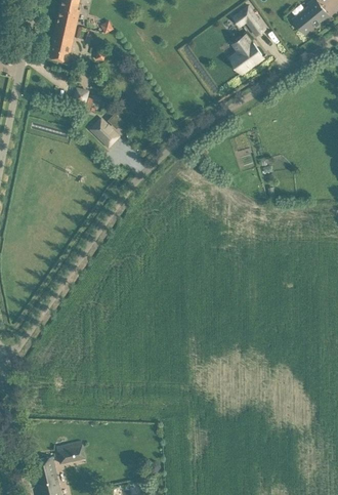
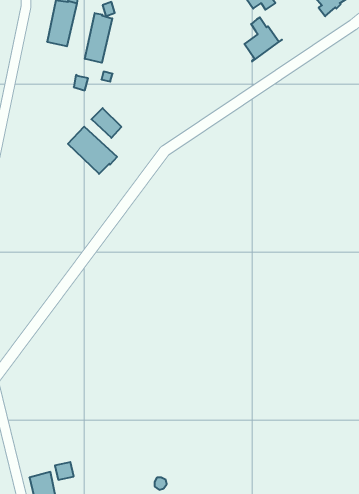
building: none -> [85,13,112,63]
building: none -> [68,127,117,174]

